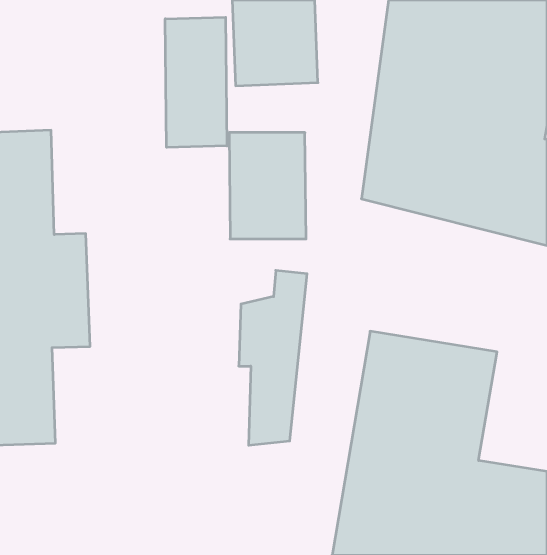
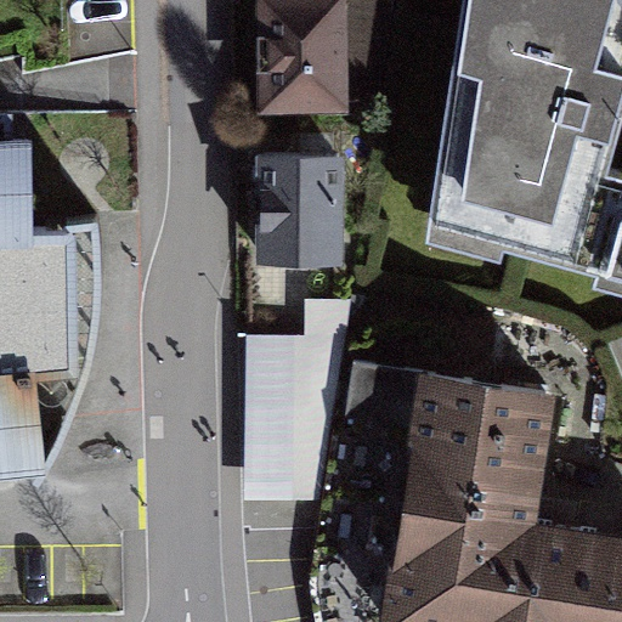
building: [165,17,227,147] -> none

